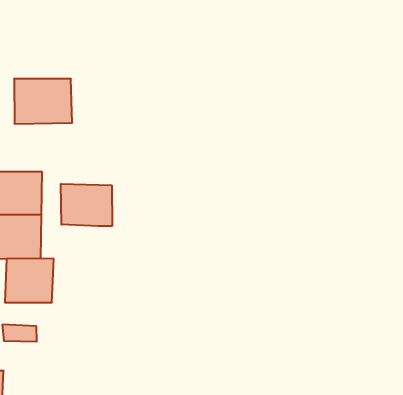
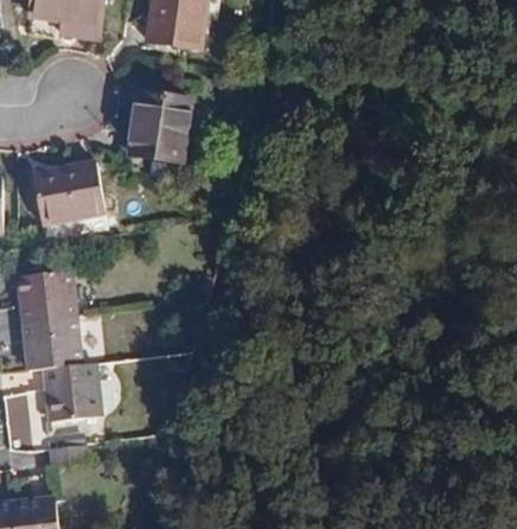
building: none -> [128,89,190,157]
building: [61,184,112,226] -> none

